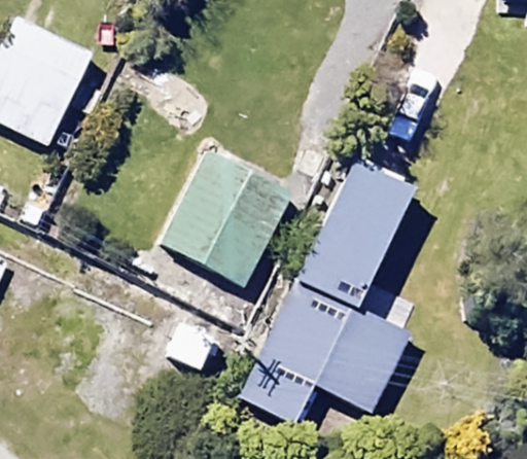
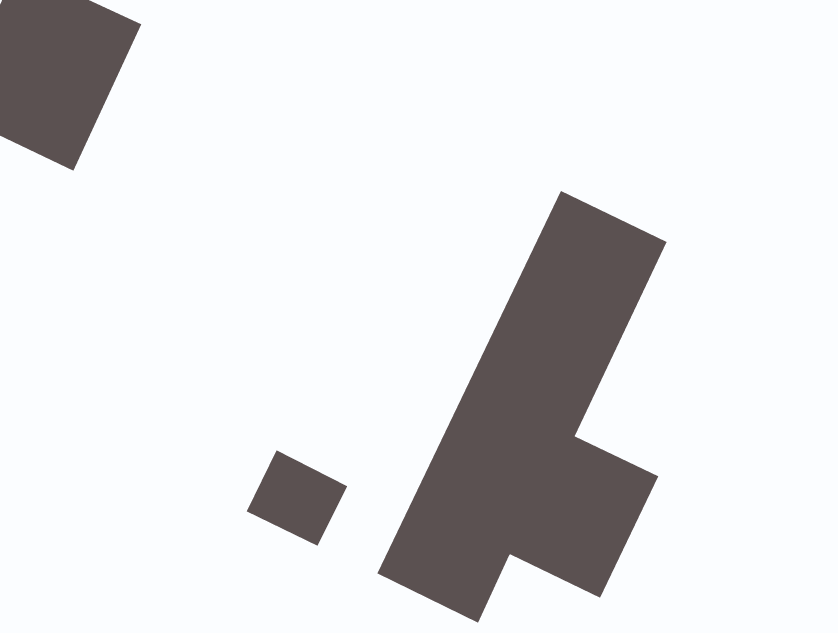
building: [157,150,285,284] -> none

